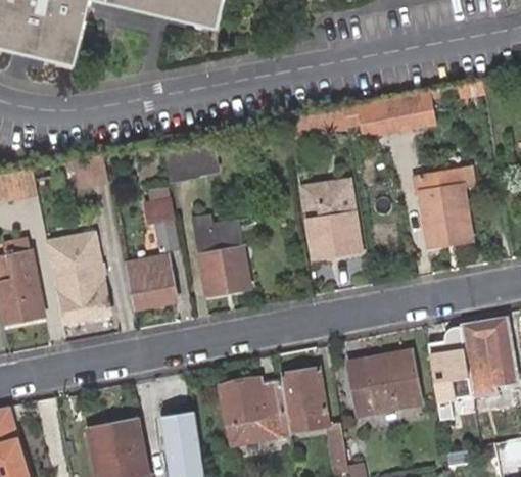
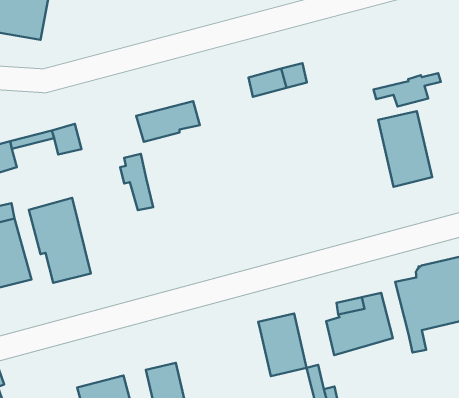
building: [362,97,432,129] -> [374,73,441,106]
building: [302,182,361,257] -> none
building: [196,216,250,294] -> none
building: [132,258,177,307] -> none
building: [221,379,290,438] -> none

